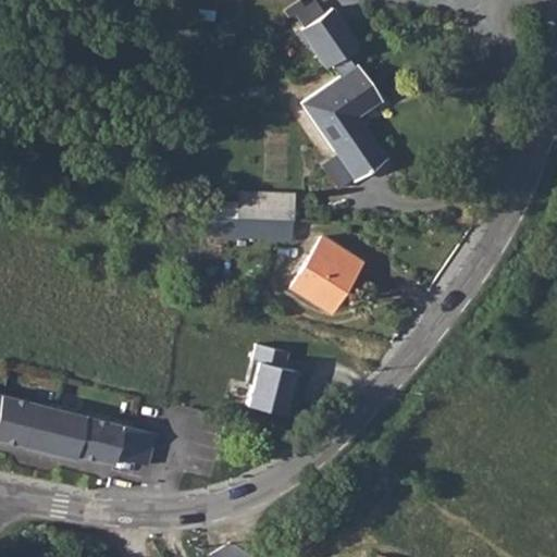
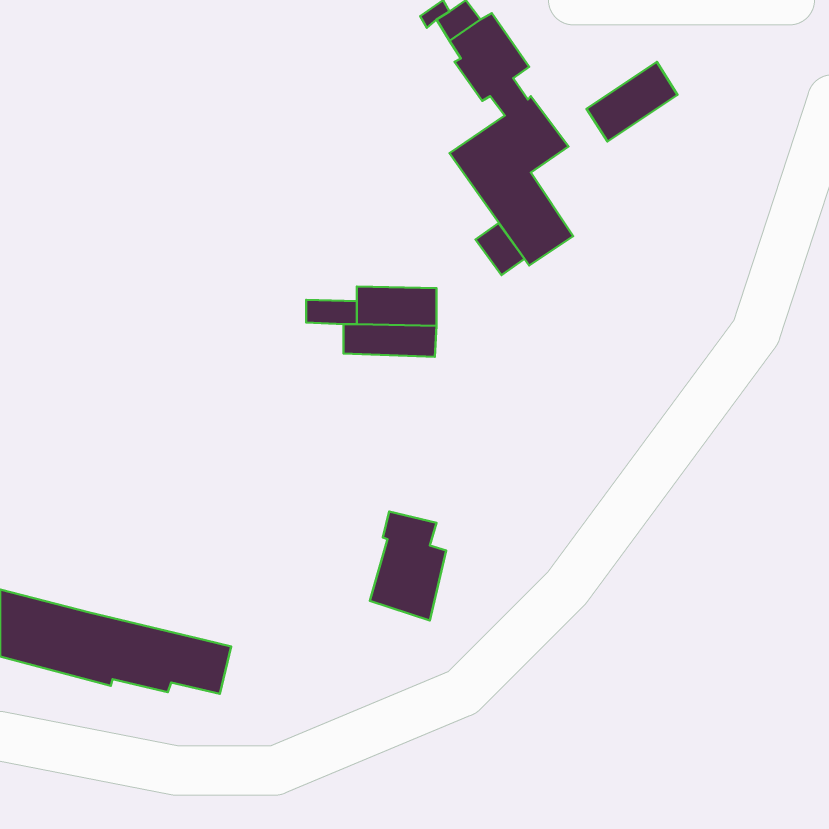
building: none -> [586,62,678,142]
building: [292,236,361,310] -> none

